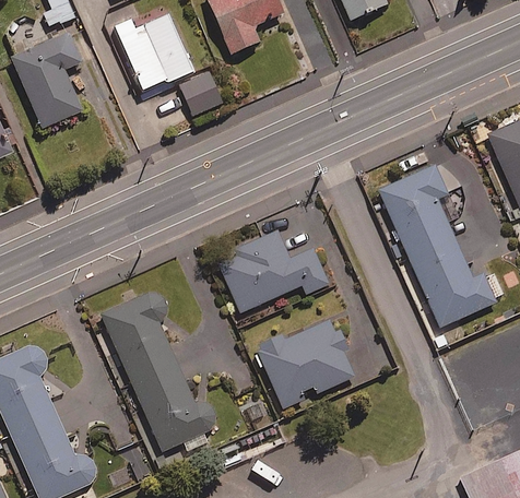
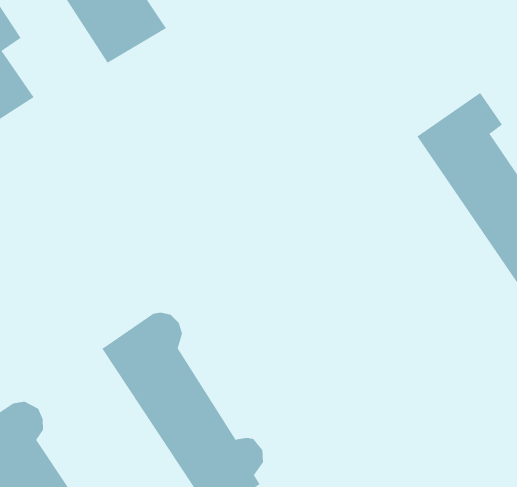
building: [180,72,223,114] -> none
building: [215,229,329,312] -> none
building: [258,320,353,407] -> none

